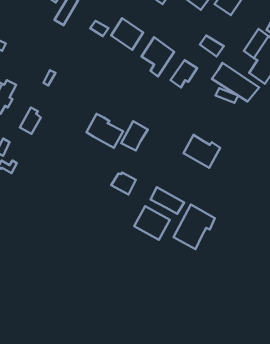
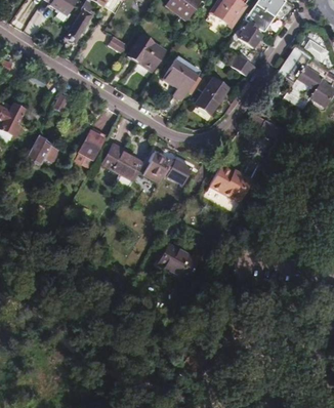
building: none -> [234,19,261,47]
building: [212,63,259,101] -> none
building: none -> [78,125,107,160]
building: [111,172,136,194] -> [163,159,191,183]
building: [150,187,184,214] -> none
building: [173,205,215,249] -> none

